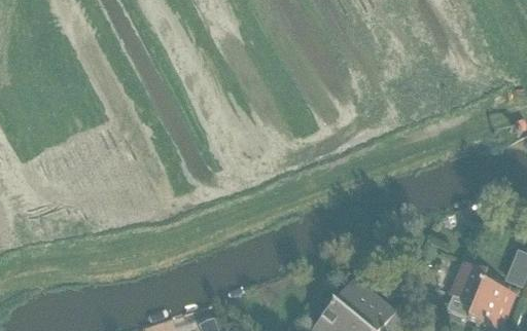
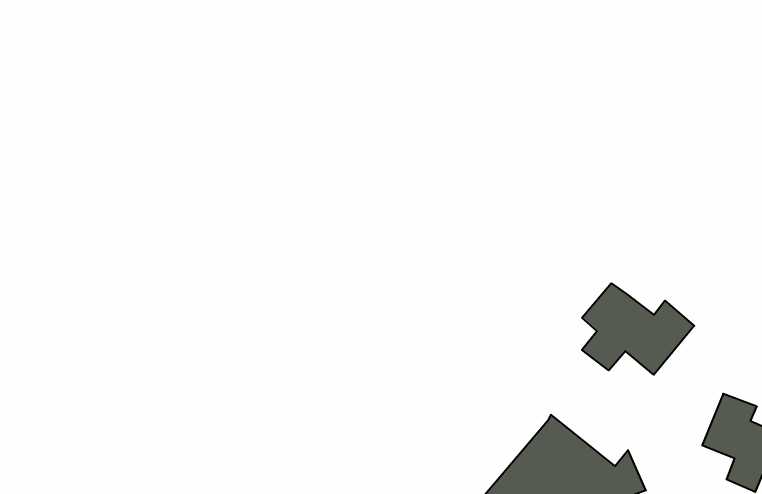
building: none -> [582,283,694,375]

